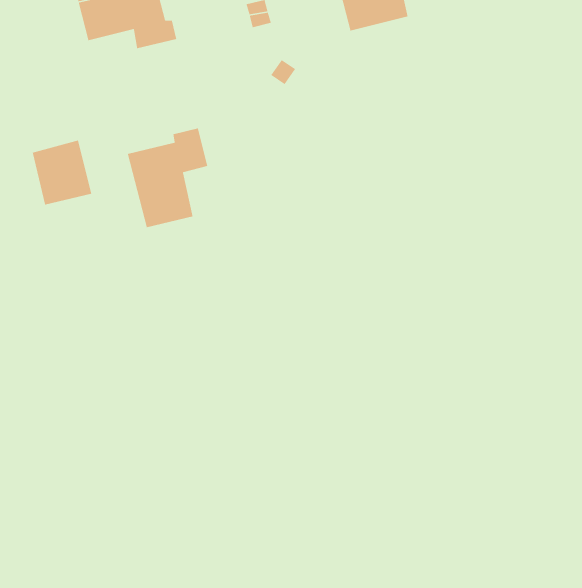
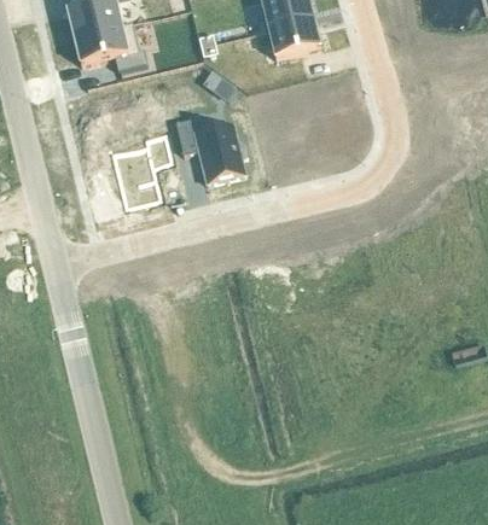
building: none -> [175,115,246,186]
building: [32,139,92,206] -> none

